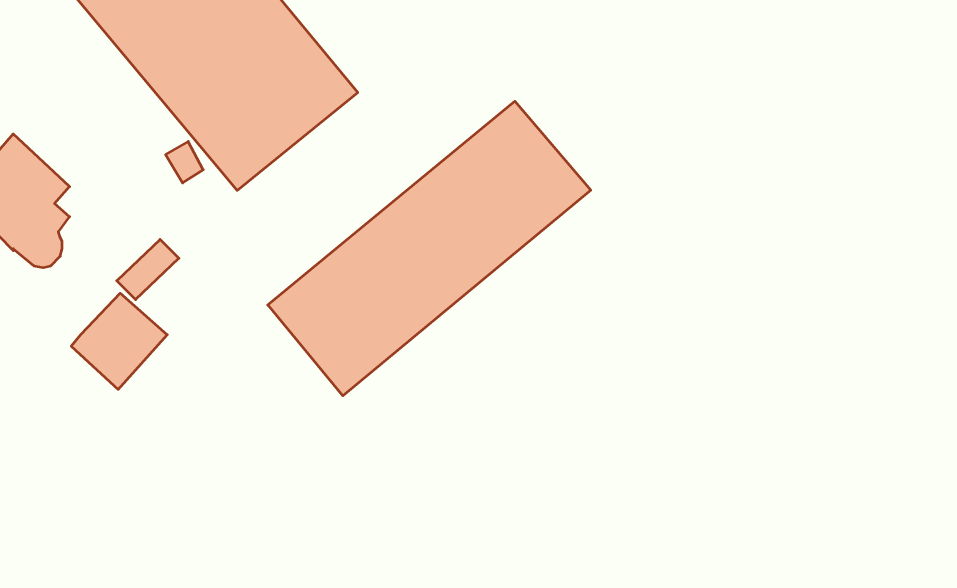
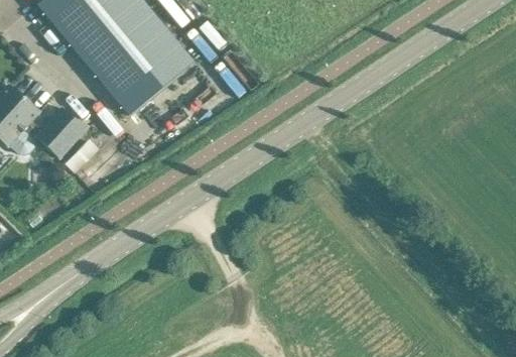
building: [268,101,591,396] -> none
building: [71,293,167,389] -> [35,107,87,158]

